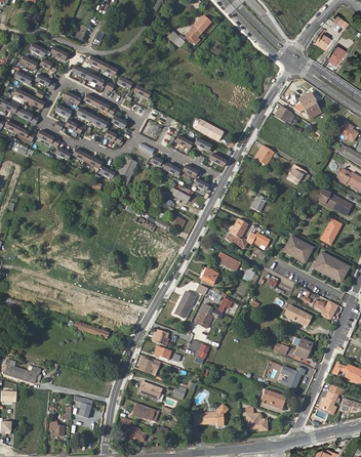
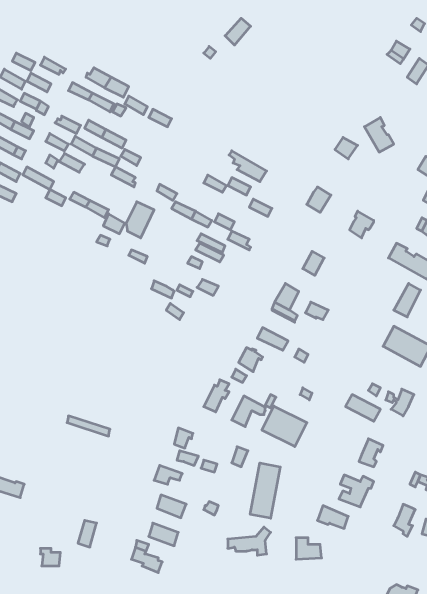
building: [282,236,312,262] -> none
building: none -> [262,406,307,447]
building: none -> [250,463,280,518]

